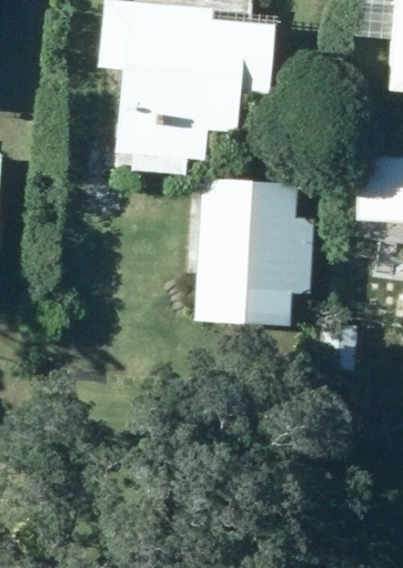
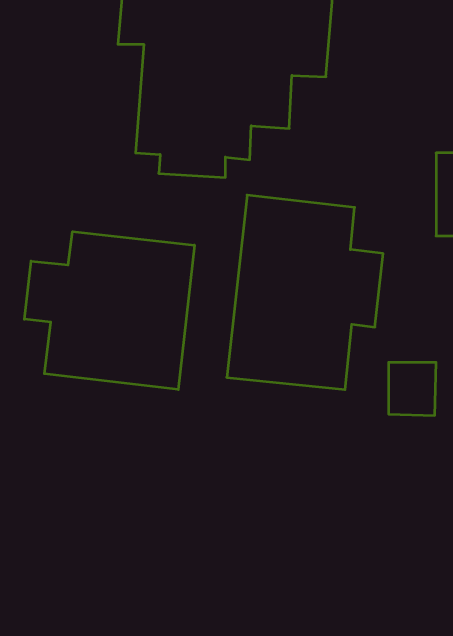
building: none -> [24,232,194,390]

